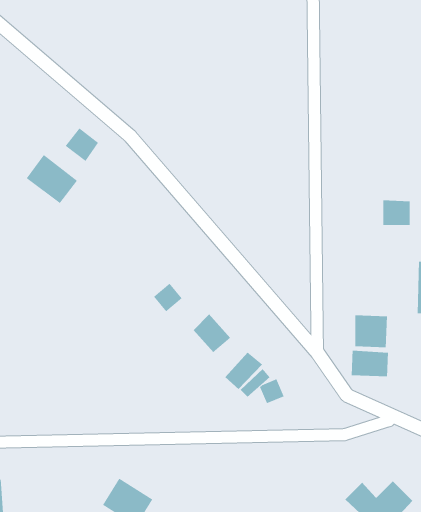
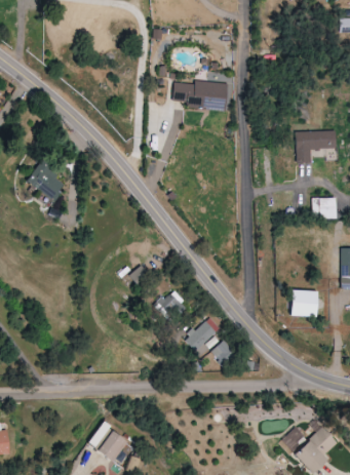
building: none -> [172,80,228,110]
building: none -> [296,130,336,162]
building: [65,127,99,162] -> none
building: [351,350,389,377] -> none

